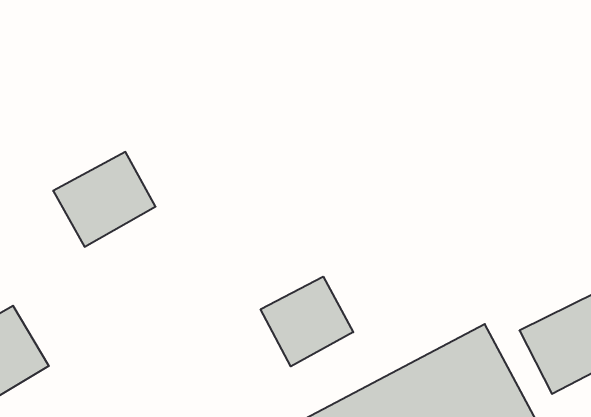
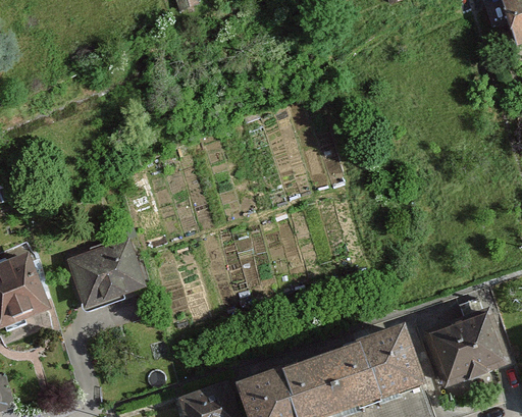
building: [53,152,156,247] -> [67,240,147,310]
building: [261,277,353,366] -> none

